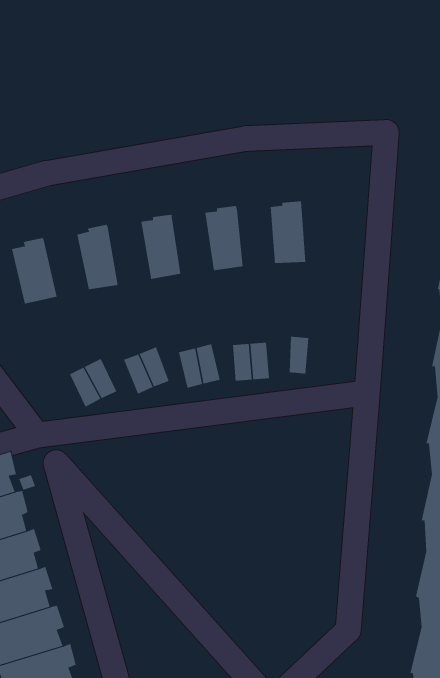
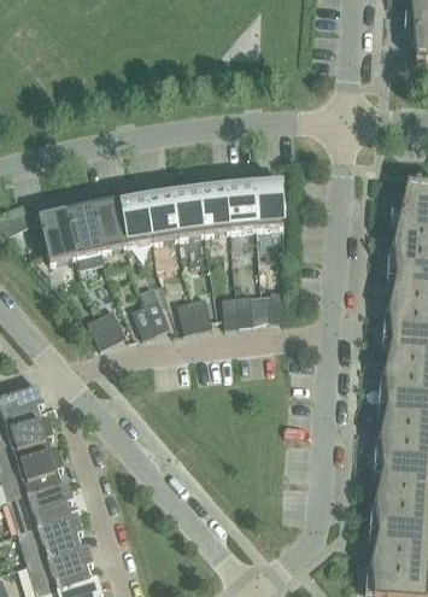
building: none -> [225,180,256,233]
building: none -> [171,186,205,239]
building: none -> [118,193,153,248]
building: none -> [65,203,101,258]

